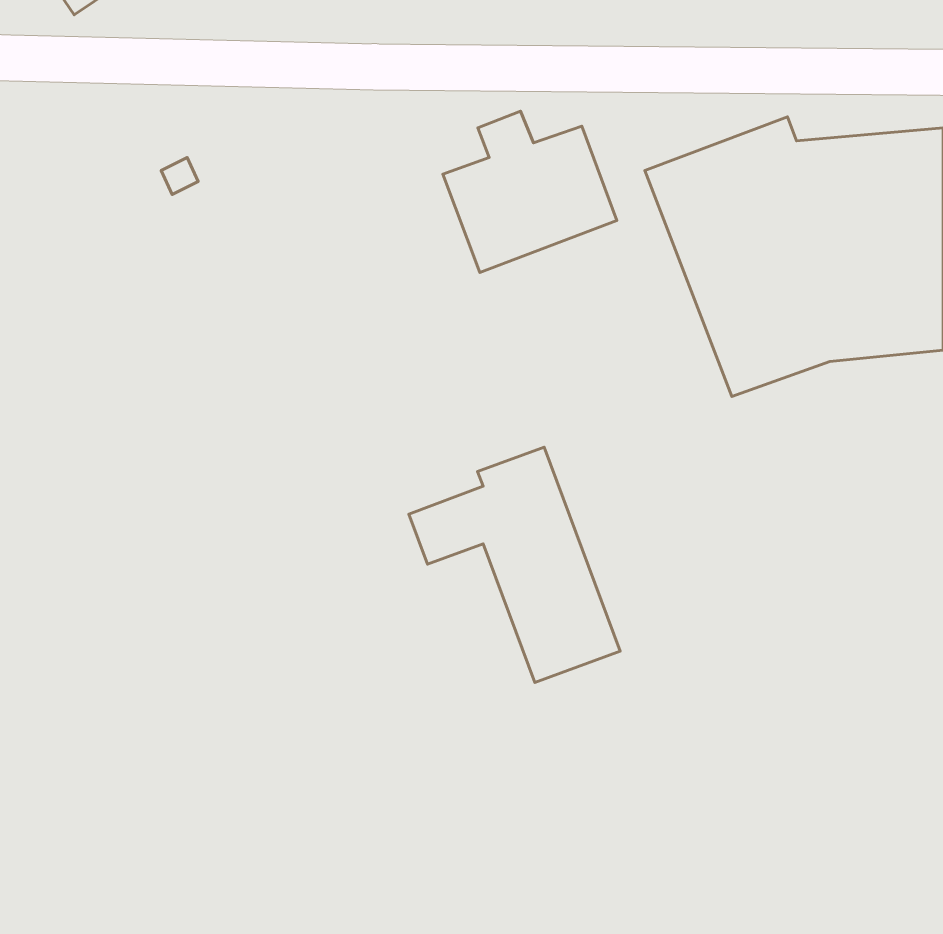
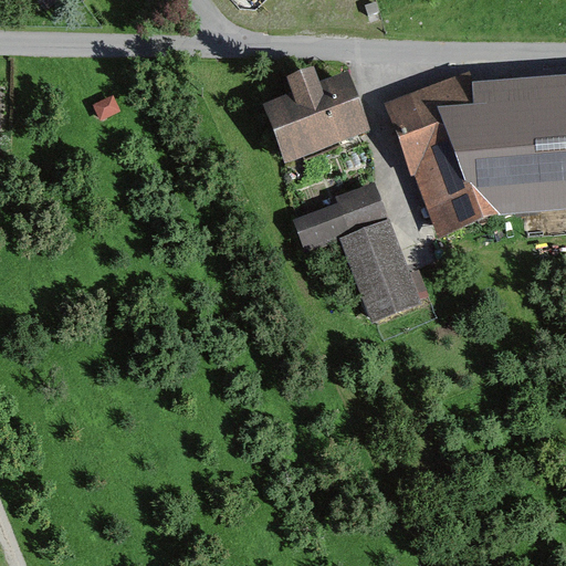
building: [409,447,620,683] -> [295,178,421,318]

